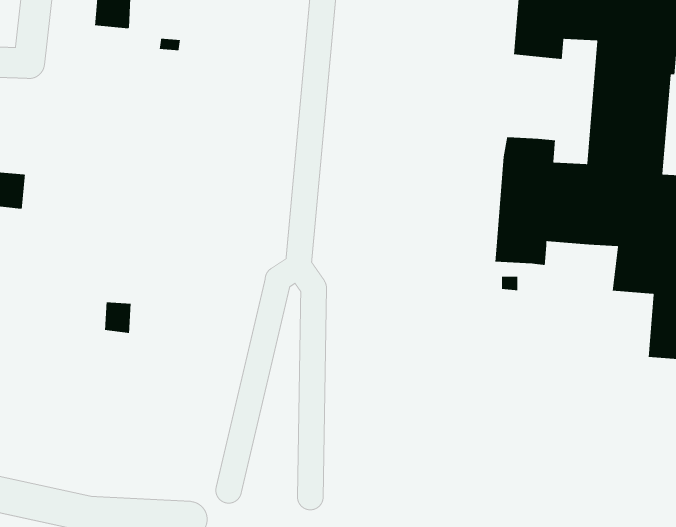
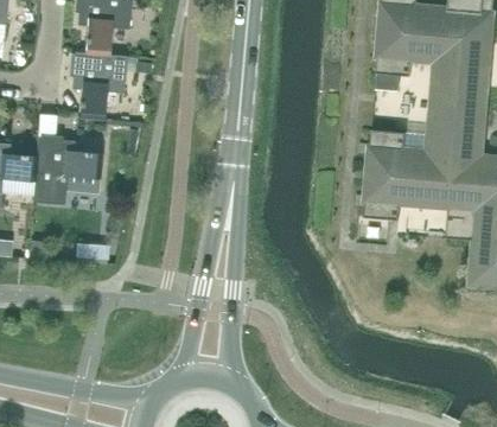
building: none -> [71,52,126,120]
building: none -> [32,139,101,205]

